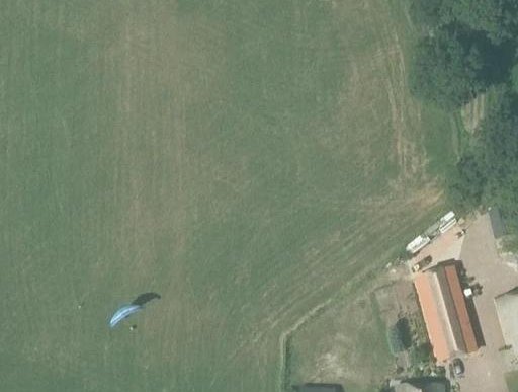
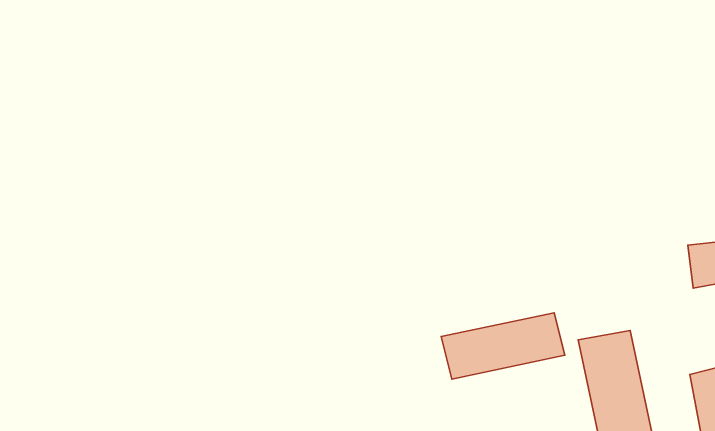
building: none -> [441,313,565,379]

